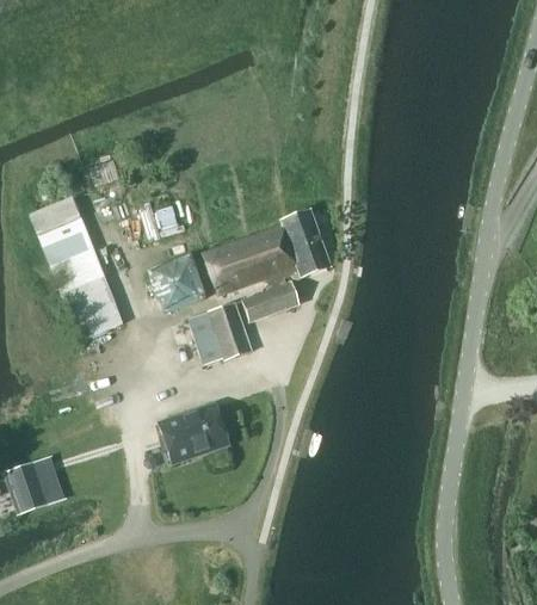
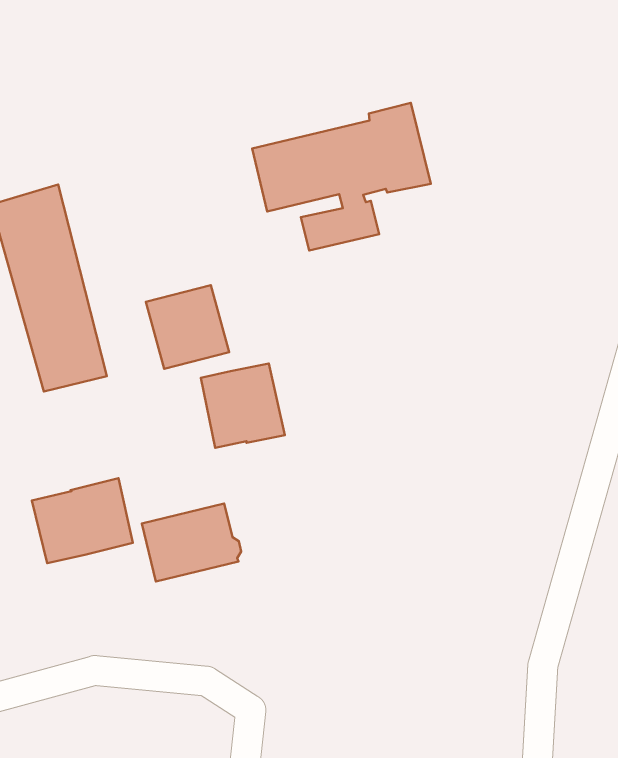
building: [203,210,331,321] -> [252,103,431,250]
building: none -> [32,478,133,563]

